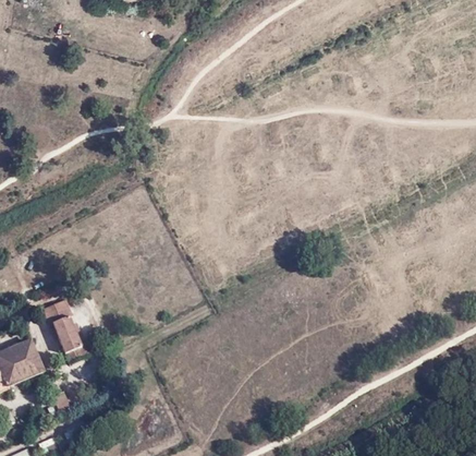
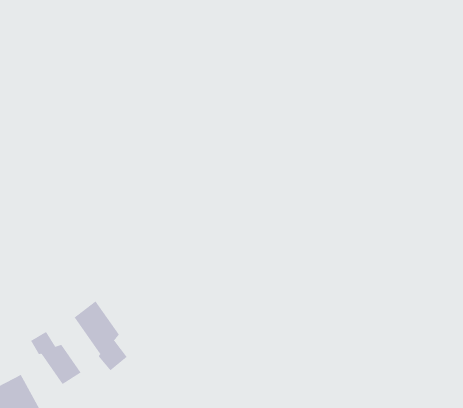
building: none -> [74,301,128,371]

